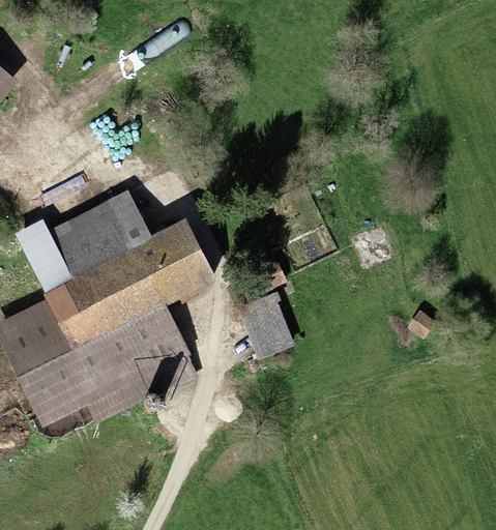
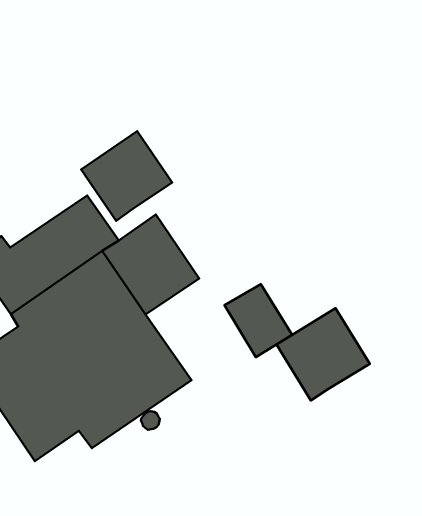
building: none -> [81,131,172,221]
building: none -> [276,308,370,400]

